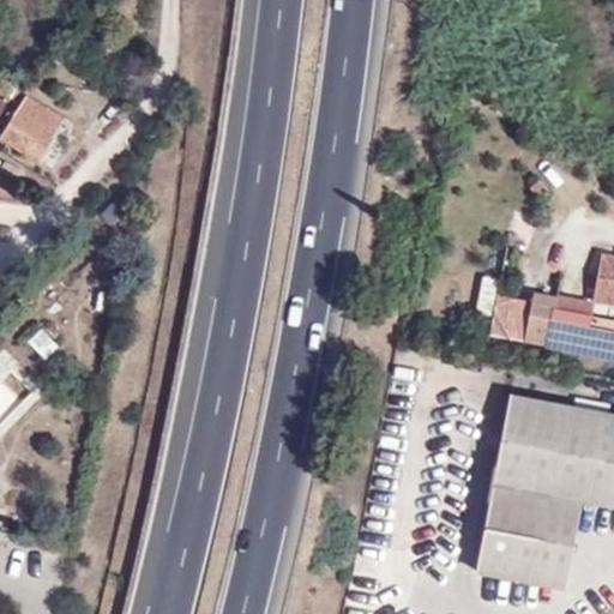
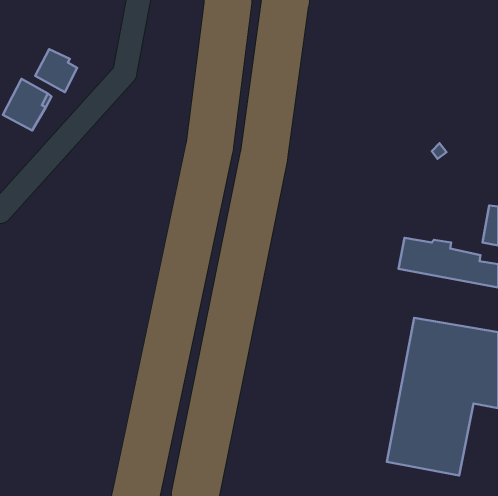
building: none -> [35,49,77,92]

